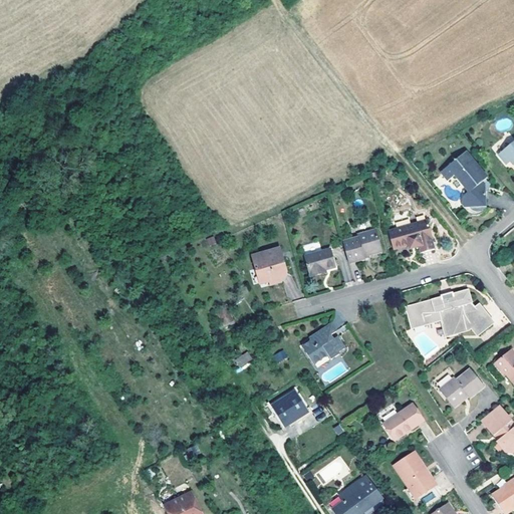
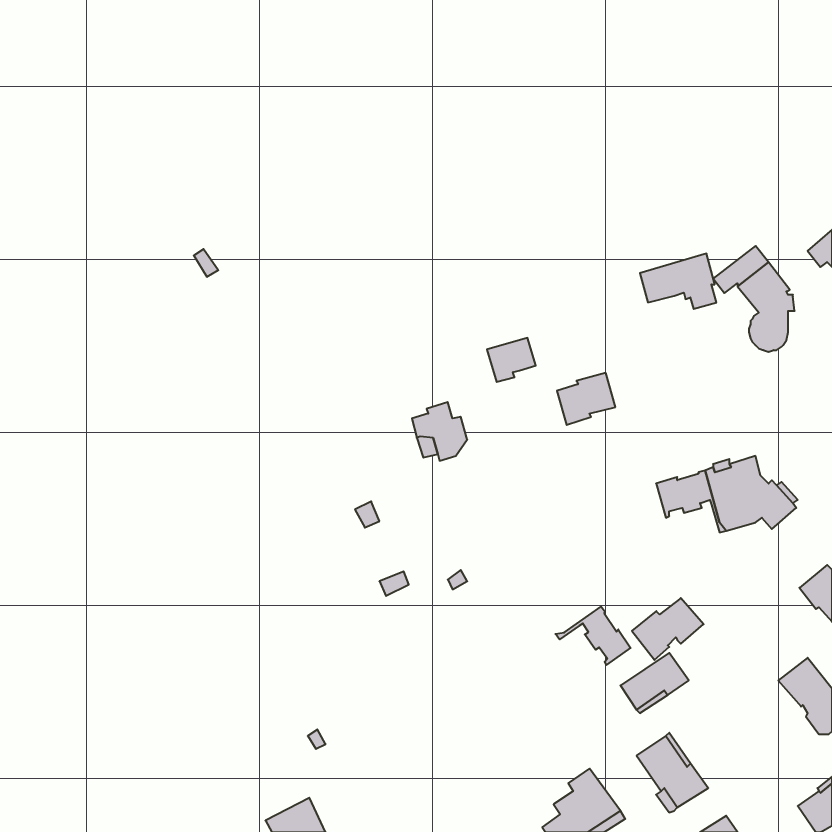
building: [388,217,435,251] -> [640,254,716,309]
building: [306,248,336,275] -> [487,338,536,382]
building: [299,318,341,358] -> none
building: [440,370,484,409] -> [632,598,704,660]
building: none -> [555,606,631,665]
building: [274,392,309,428] -> none

